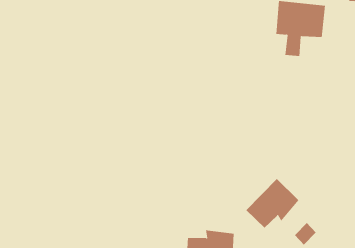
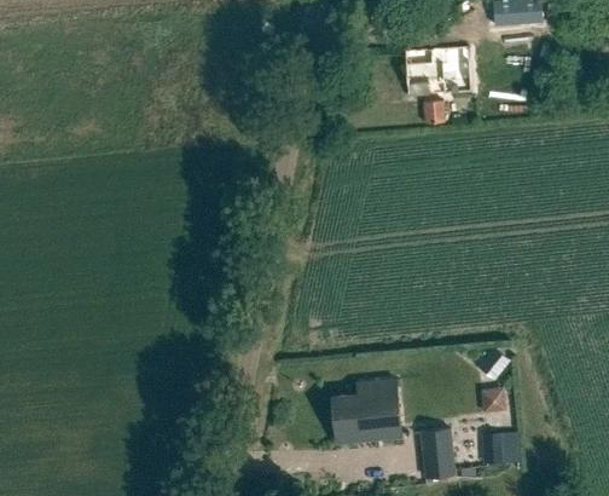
building: [245,178,299,229] -> none

